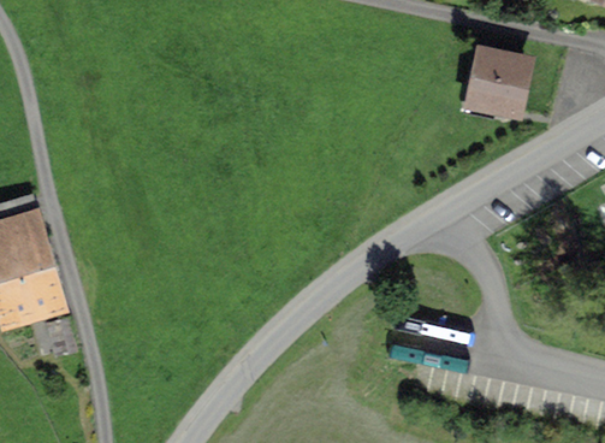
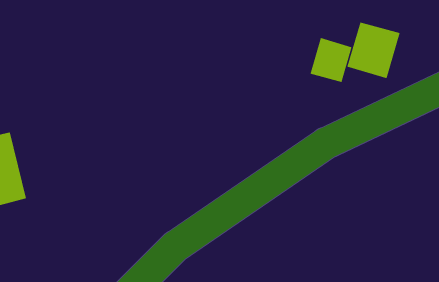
building: none -> [310,37,352,83]

